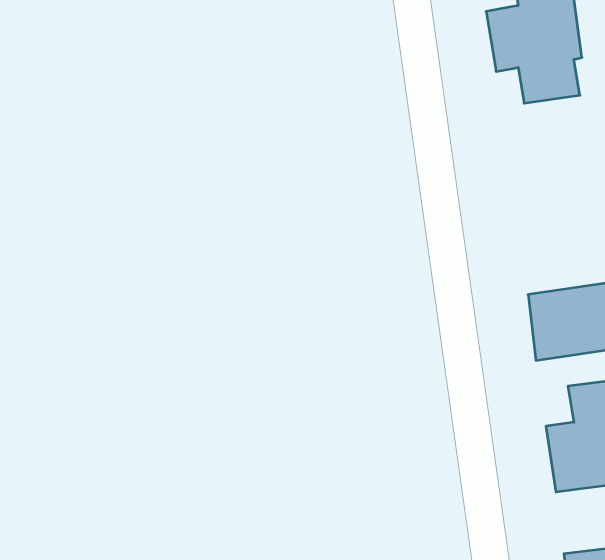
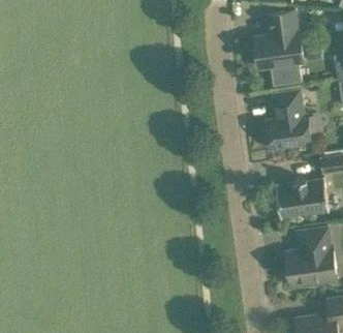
building: none -> [266,91,310,150]

